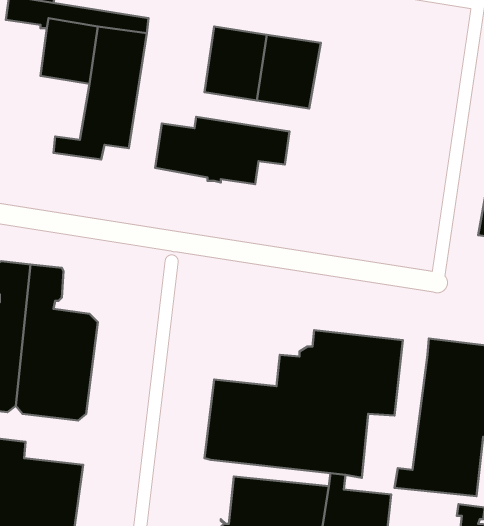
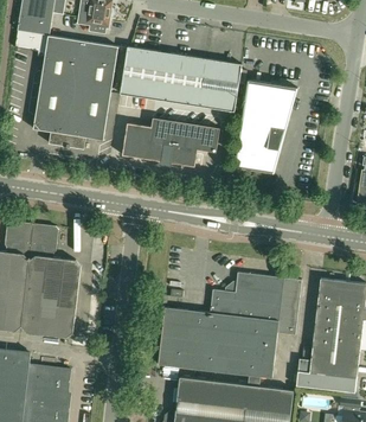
building: none -> [120,46,165,100]
building: none -> [233,79,297,173]
building: none -> [32,88,75,134]

